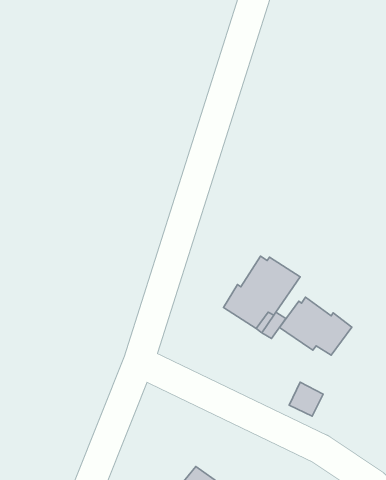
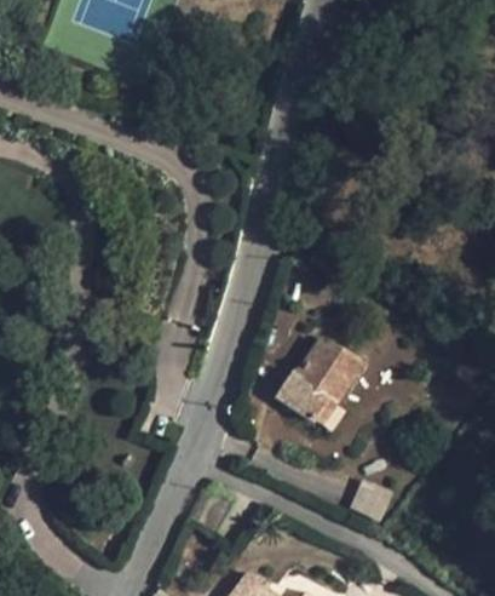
building: [280,297,352,355] -> none

